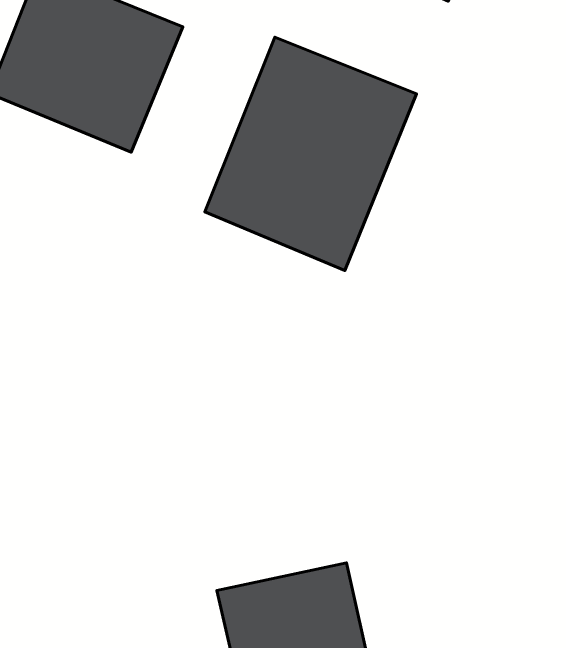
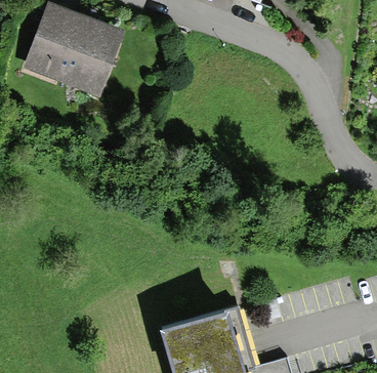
building: [205,37,416,270] -> none

